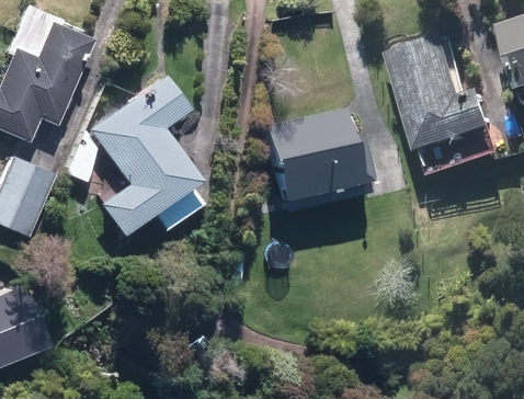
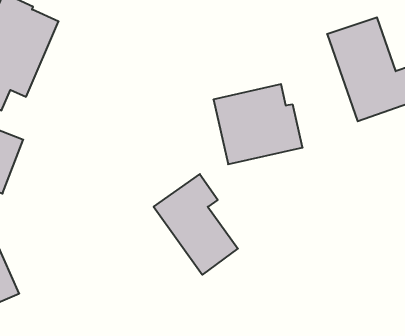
building: [90,79,200,237] -> none
building: none -> [154,174,238,275]

